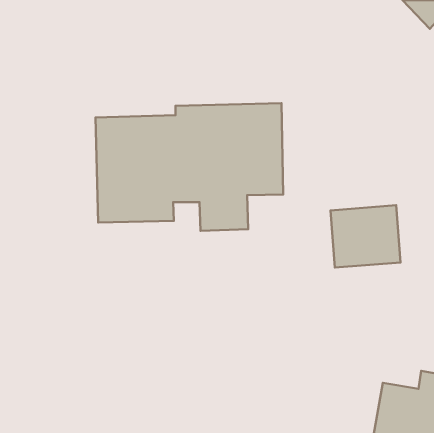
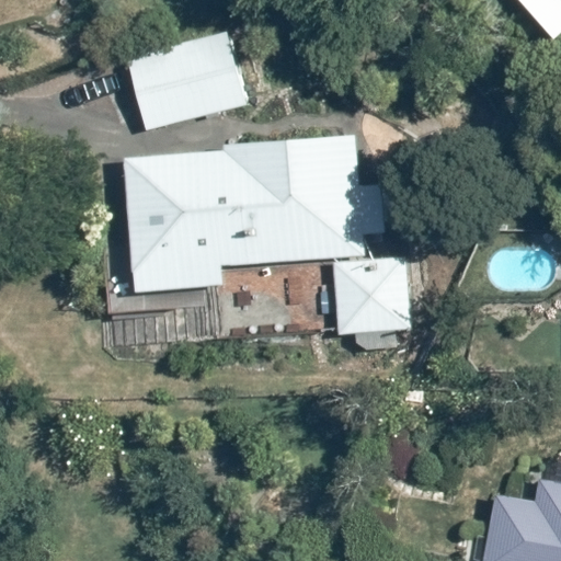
building: none -> [125,26,253,131]
building: [330,205,400,267] -> [329,256,419,336]

